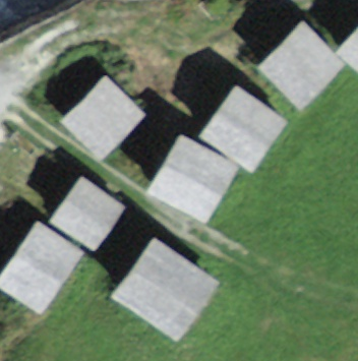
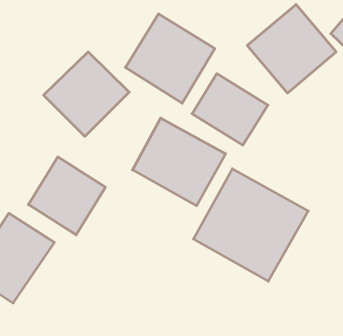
building: none -> [125,14,215,103]
building: [109,230,217,336] -> [193,169,308,281]

